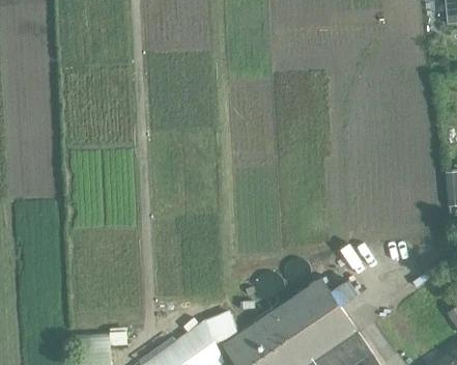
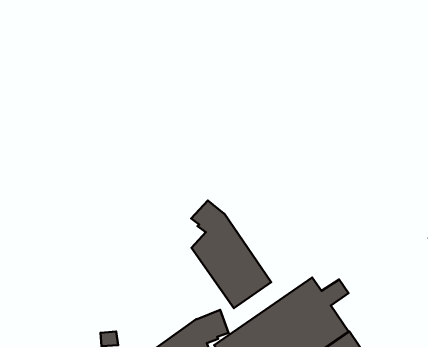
building: none -> [191,200,271,308]

